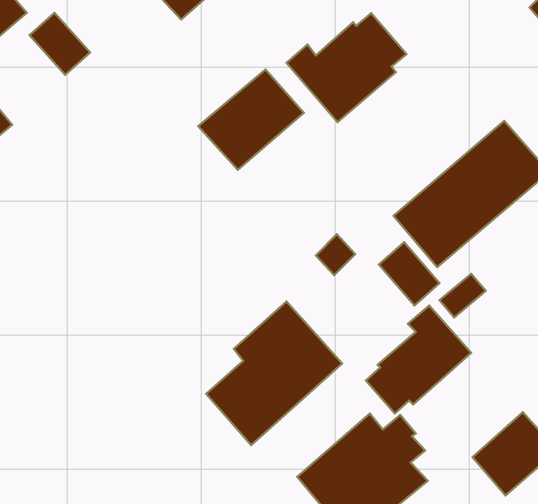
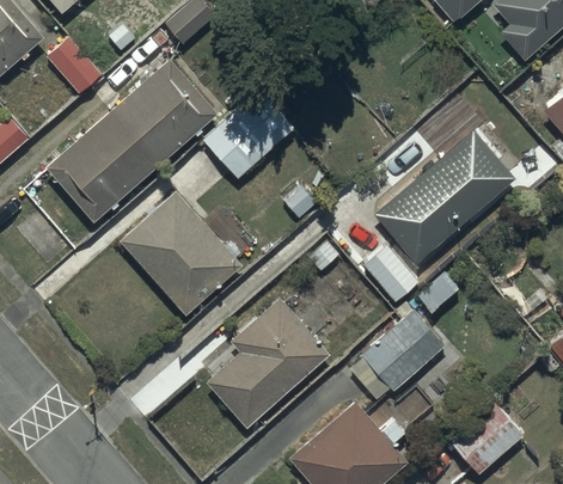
building: [286,13,406,122] -> none
building: none -> [47,57,218,221]
building: none -> [121,190,243,314]

